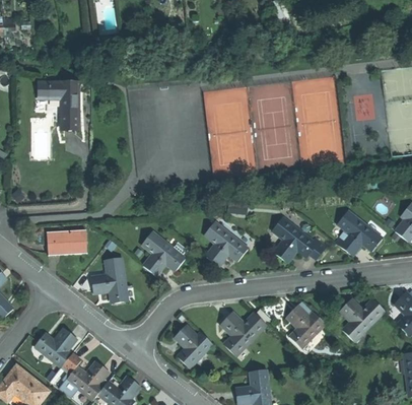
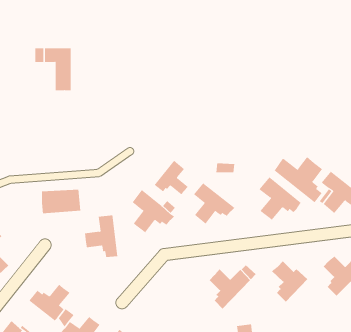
building: none -> [274,156,323,203]
building: none -> [154,160,188,195]
building: [175,326,212,368] -> none

